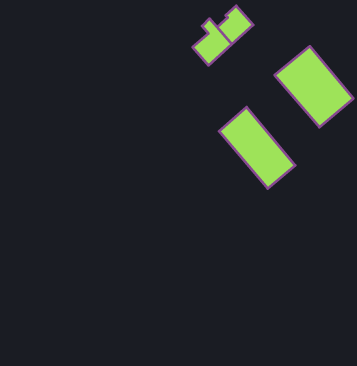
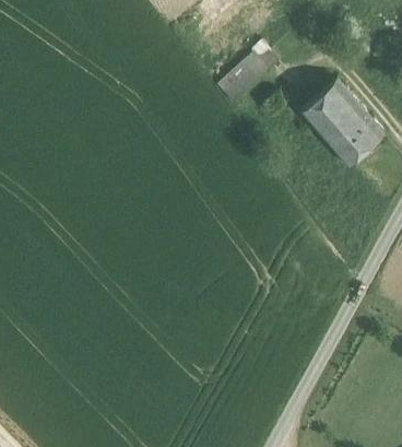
building: [219,107,295,189] -> none

